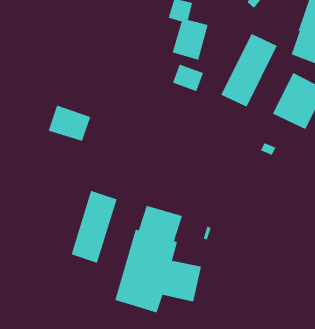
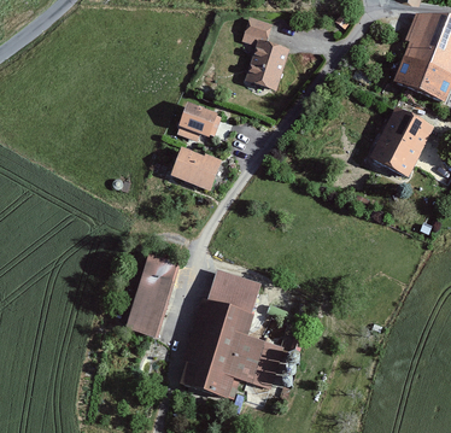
building: [221,33,278,107] -> none
building: [172,64,204,92] -> [178,105,217,139]
building: [48,105,91,142] -> [169,145,222,189]

